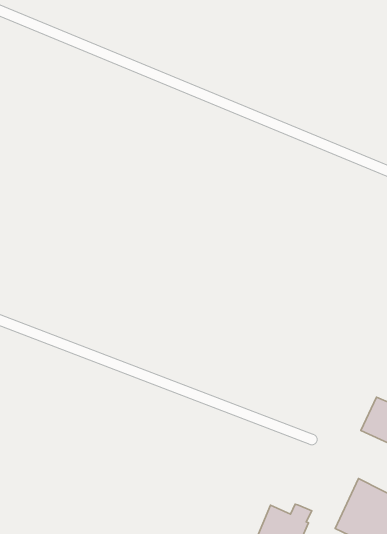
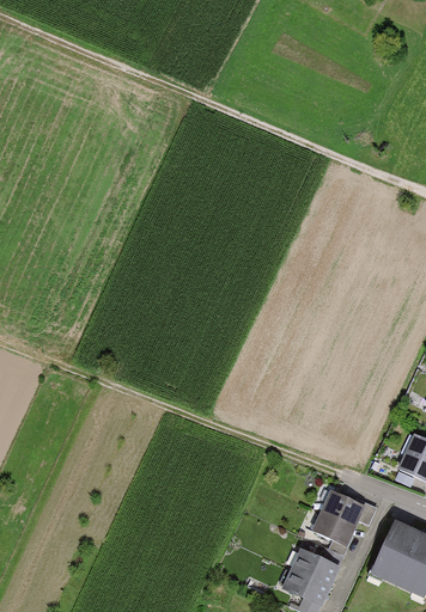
building: none -> [311,489,377,555]

